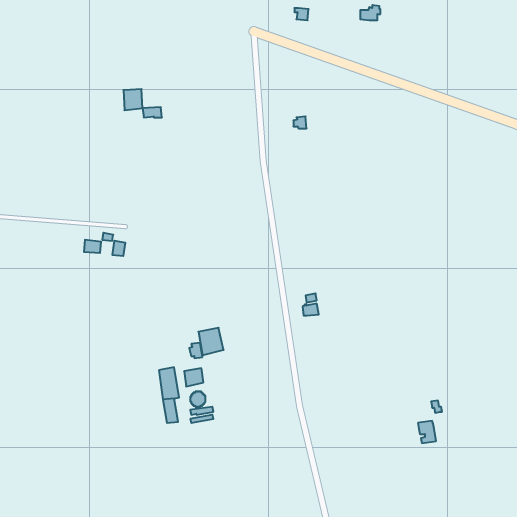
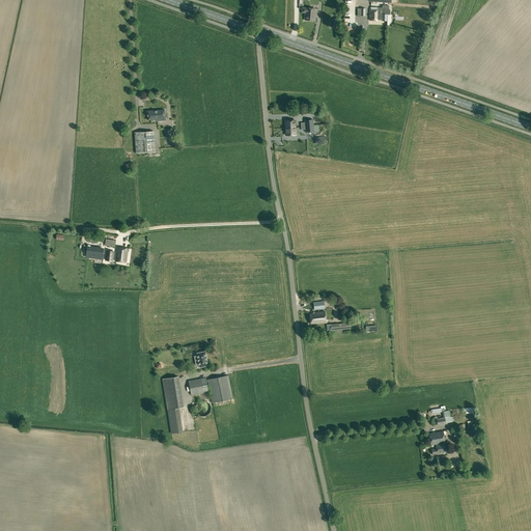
building: [123,89,143,110] -> [135,132,155,153]
building: [198,328,224,355] -> [207,375,233,403]

